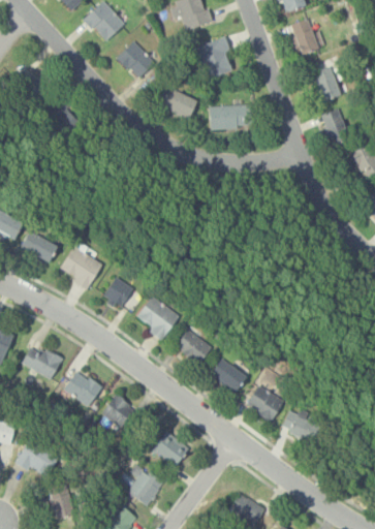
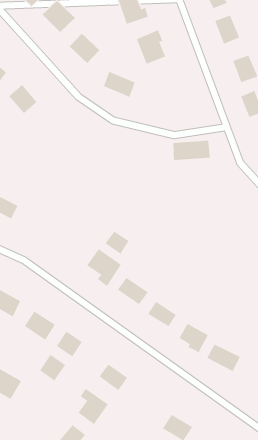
building: [209,104,254,129] -> [172,140,211,161]
building: [61,247,102,291] -> none
building: [103,277,133,306] -> [104,230,130,255]
building: none -> [39,354,66,381]
building: [52,485,73,518] -> none

